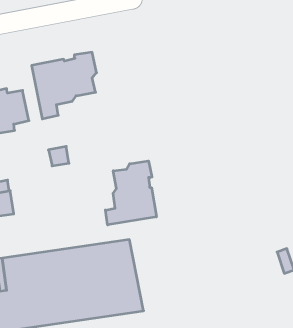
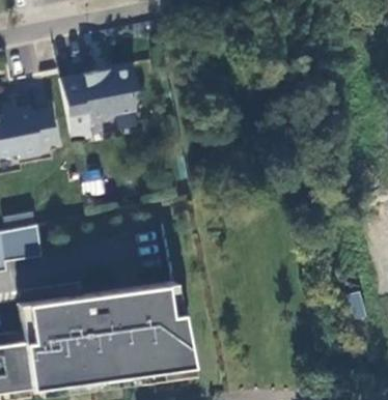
building: [105,161,156,225] -> none

